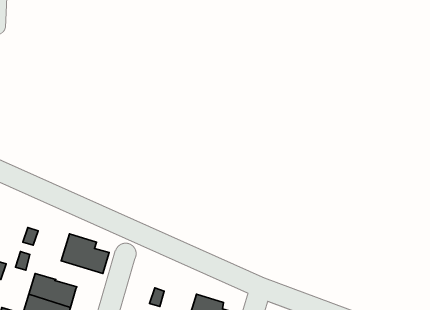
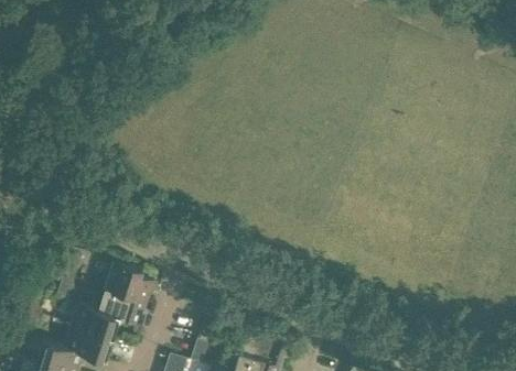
building: none -> [96,293,147,328]

